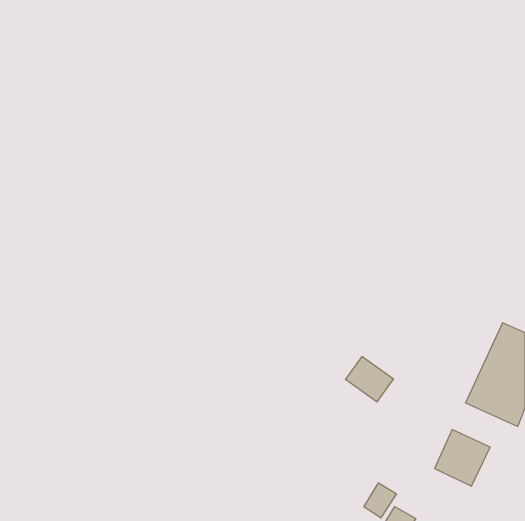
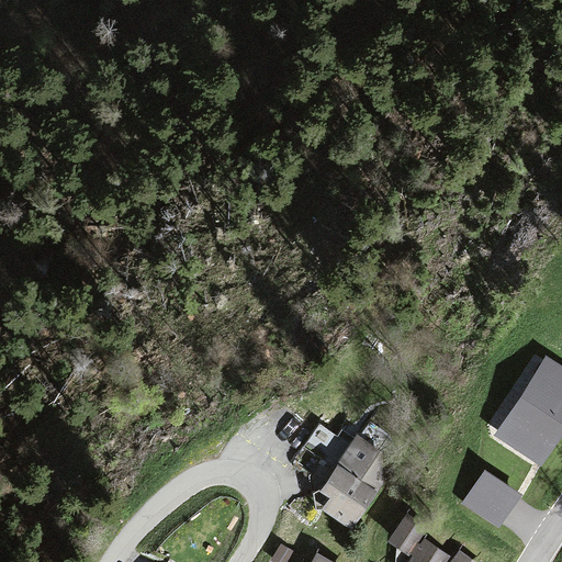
building: [345,357,394,402] -> [338,442,390,491]
building: none -> [317,470,372,531]

